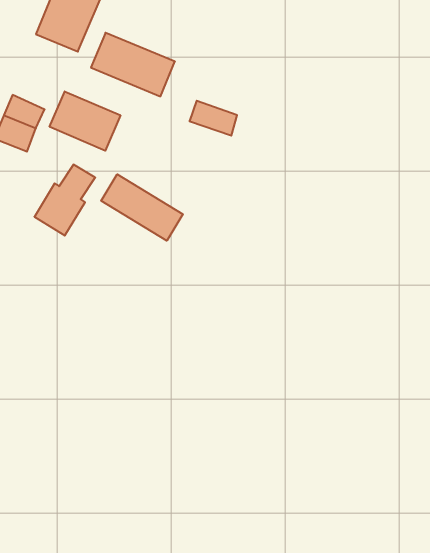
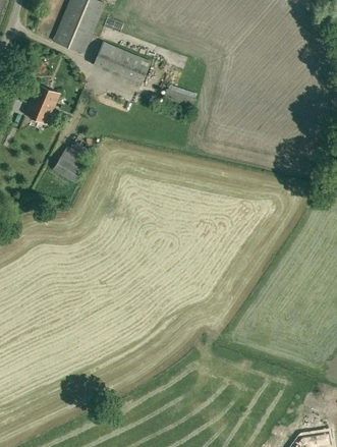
building: [50,91,120,151] -> none
building: [101,174,183,241] -> none

